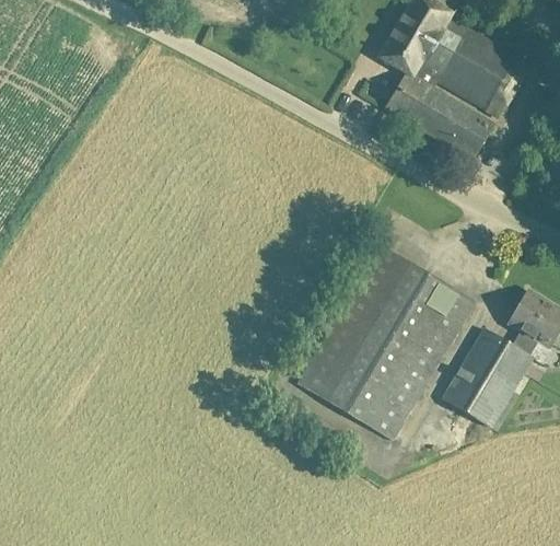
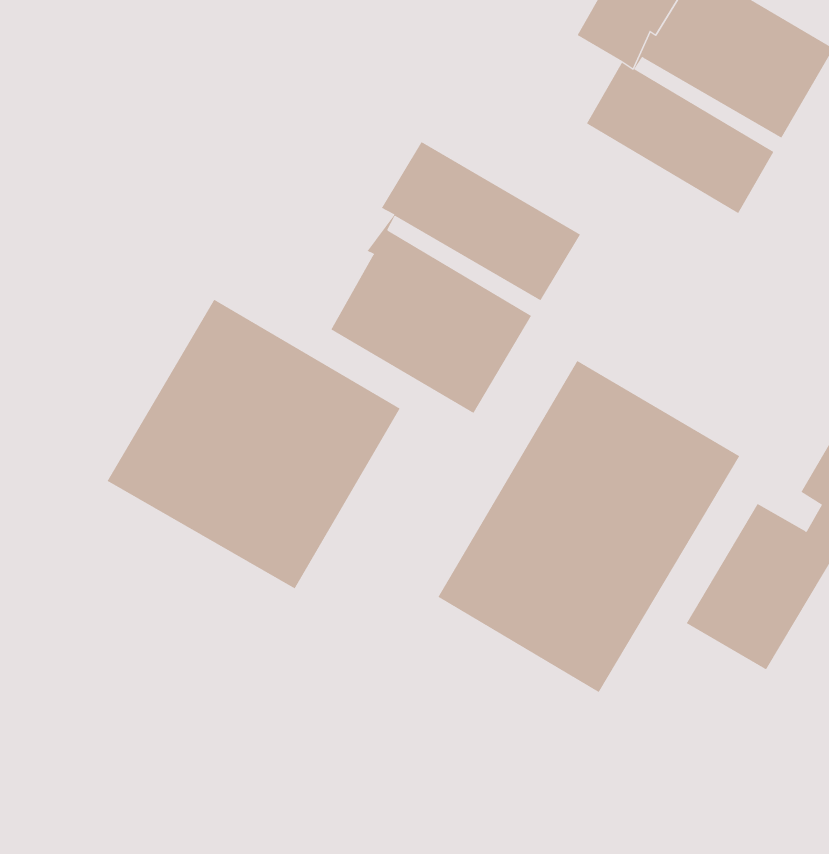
building: none -> [330,141,581,414]
building: none -> [107,299,400,589]

